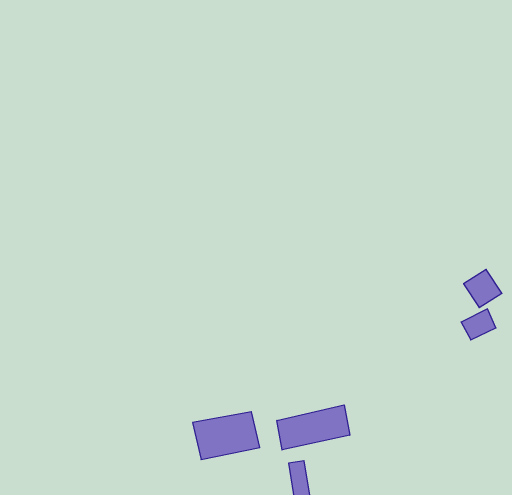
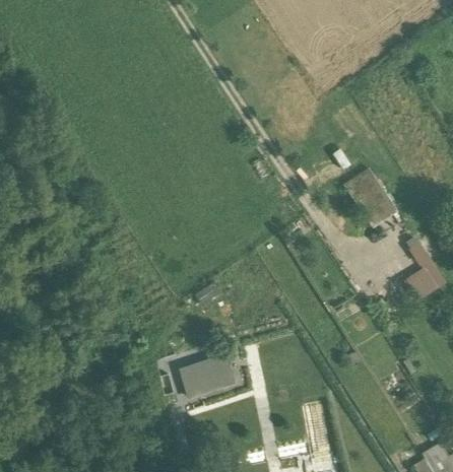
building: none -> [342,167,398,228]
building: [277,405,350,450] -> none

